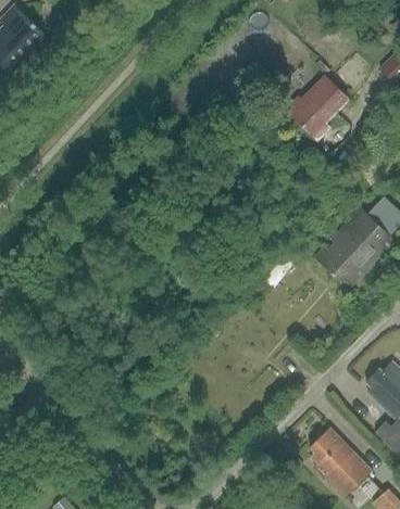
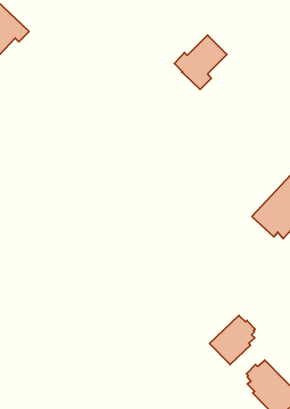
building: [286,76,348,140] -> [174,35,227,89]
building: none -> [210,315,255,365]

